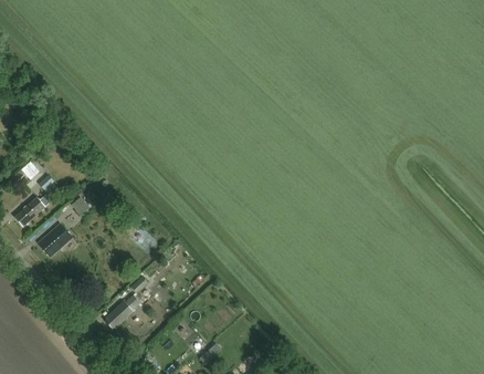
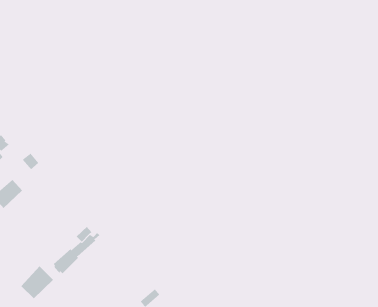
building: none -> [20,265,54,299]

